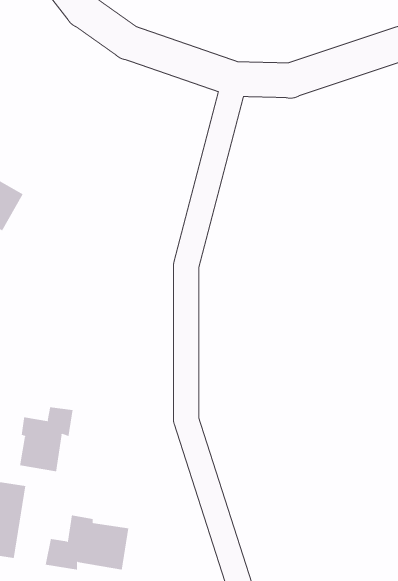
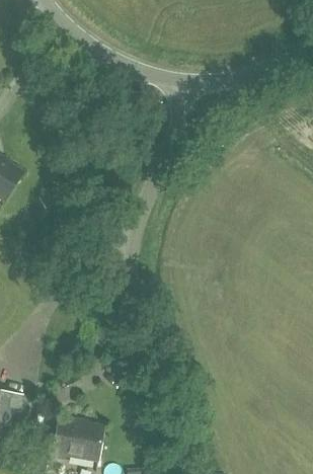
building: [19,406,73,472] -> none

